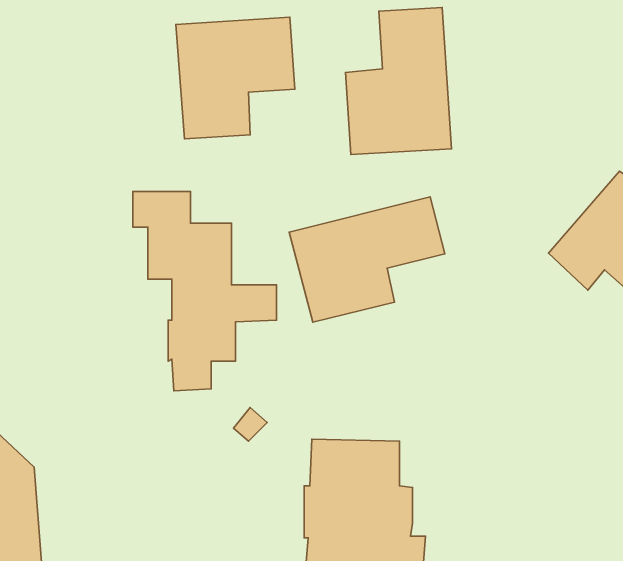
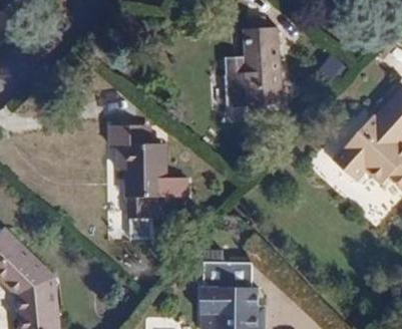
building: [176,17,295,139] -> none
building: [289,197,445,322] -> none

